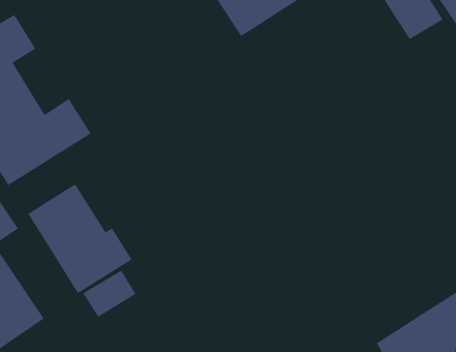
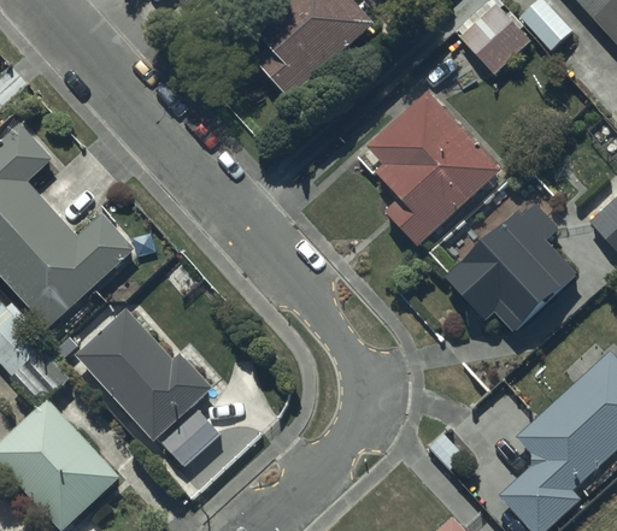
building: none -> [368,93,500,247]
building: none -> [443,202,580,336]

